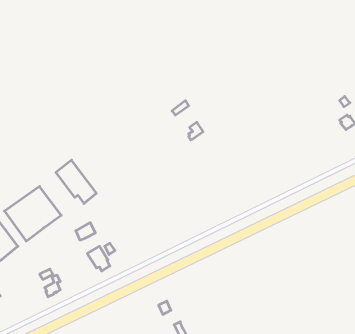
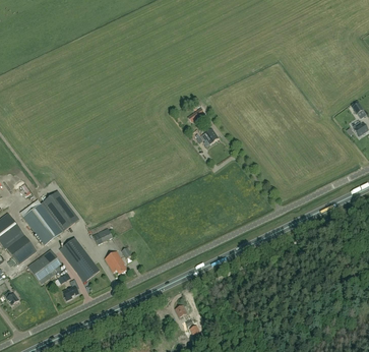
building: [56,160,96,204] -> [59,237,99,280]
building: none -> [27,248,63,284]

